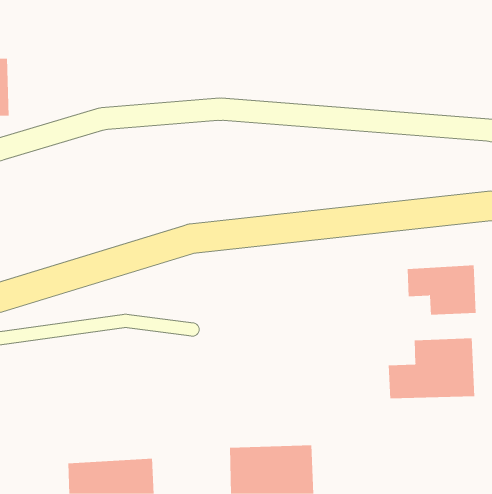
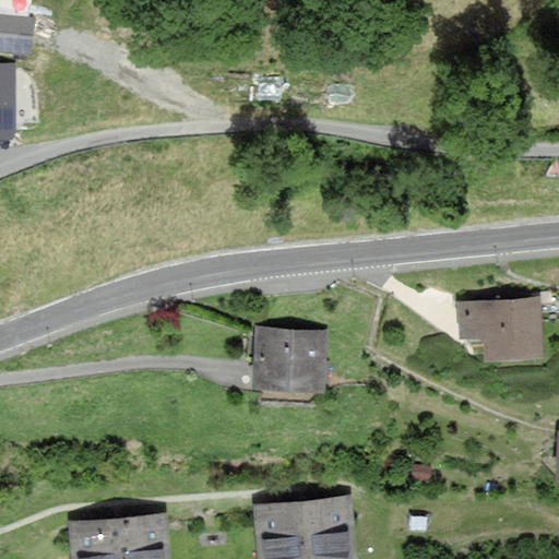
building: none -> [254,328,324,381]
building: [388,337,475,399] -> none

